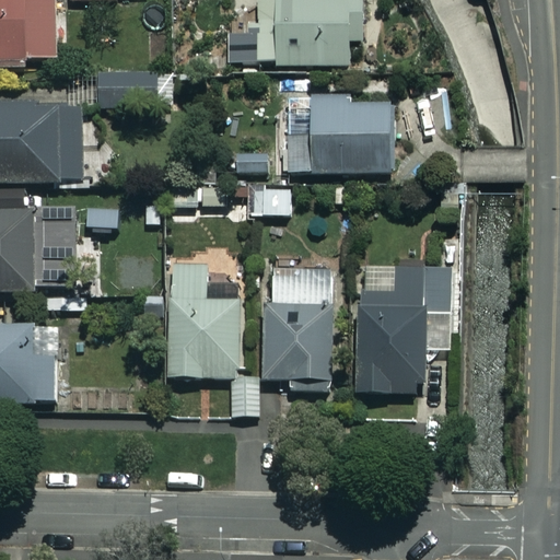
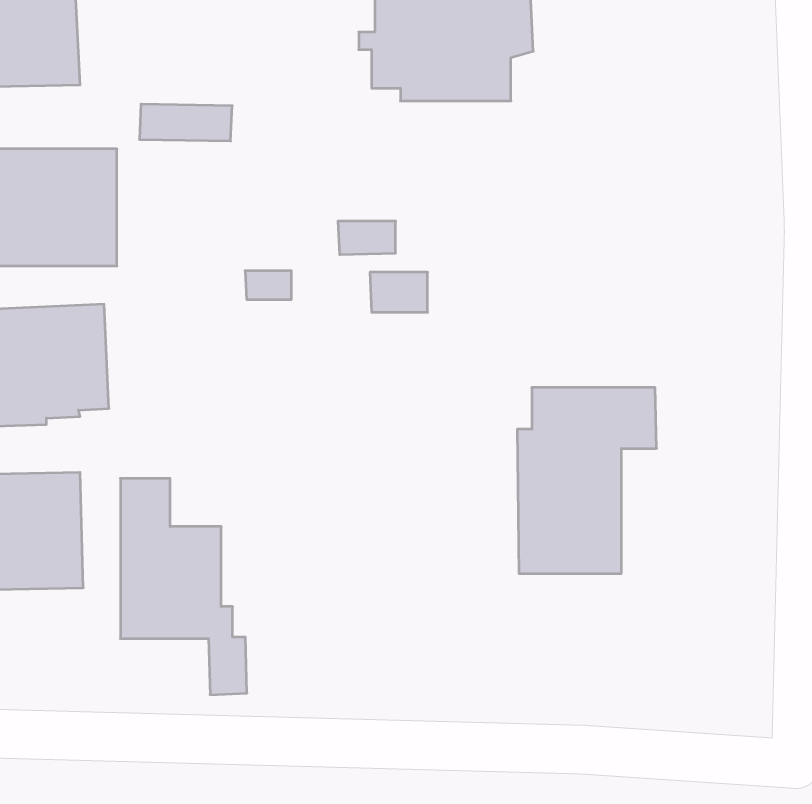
building: [281,96,393,173] -> none
building: [171,267,257,415] -> [120,478,247,695]
building: [260,271,334,389] -> none

